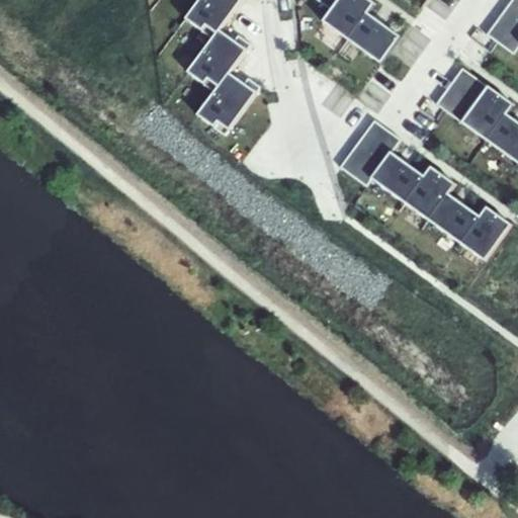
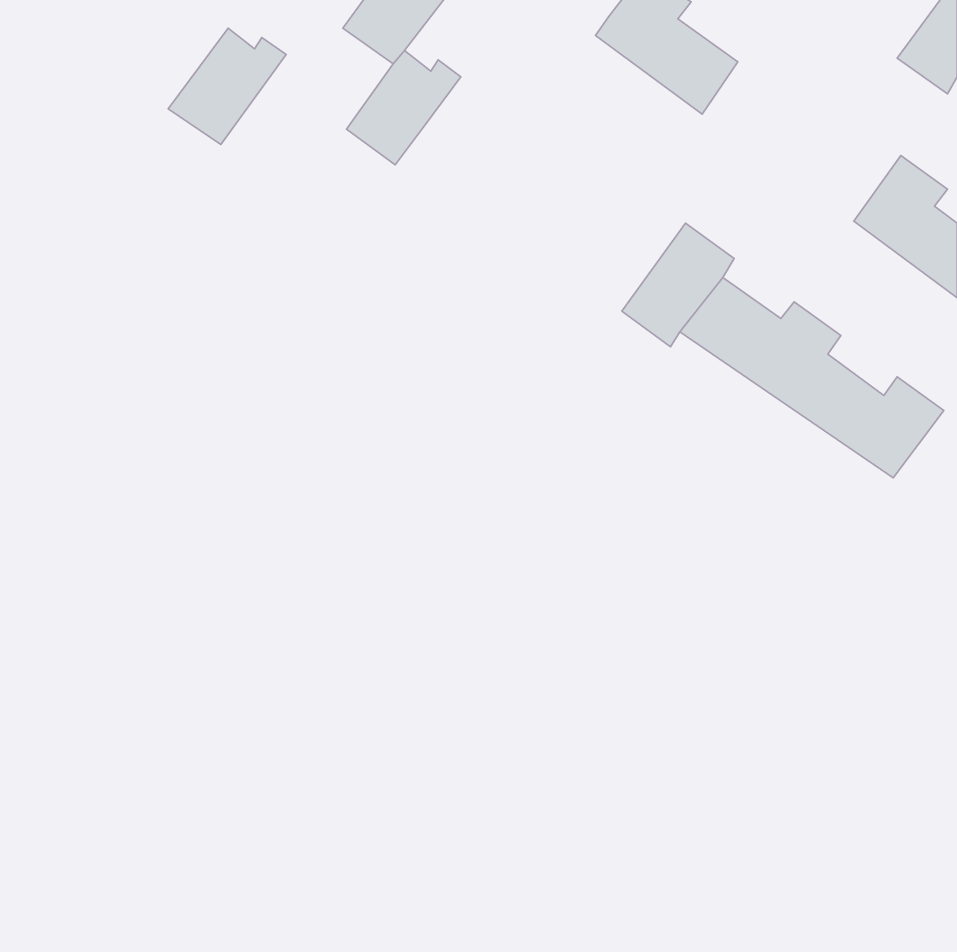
building: [435,65,487,119] -> none
building: [196,69,260,132] -> [168,28,286,144]

